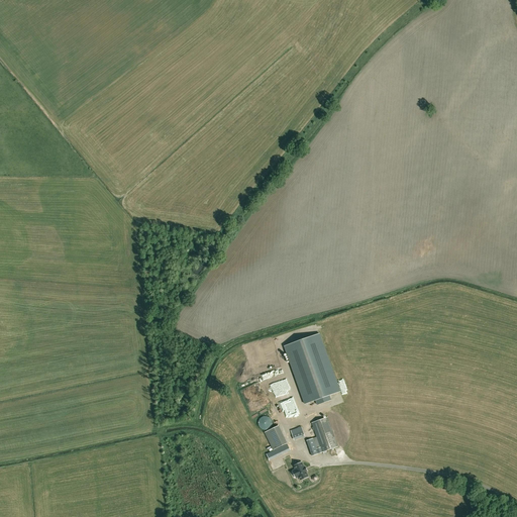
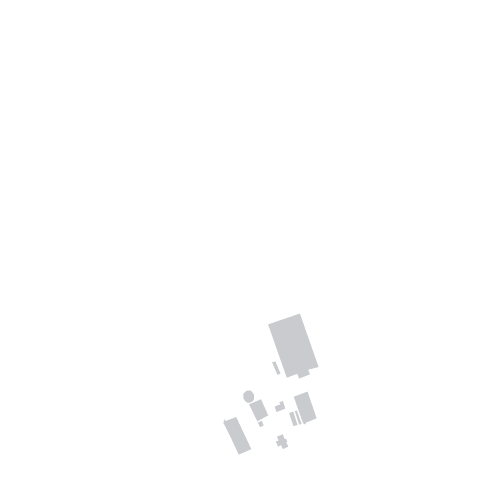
building: none -> [223,416,252,455]

